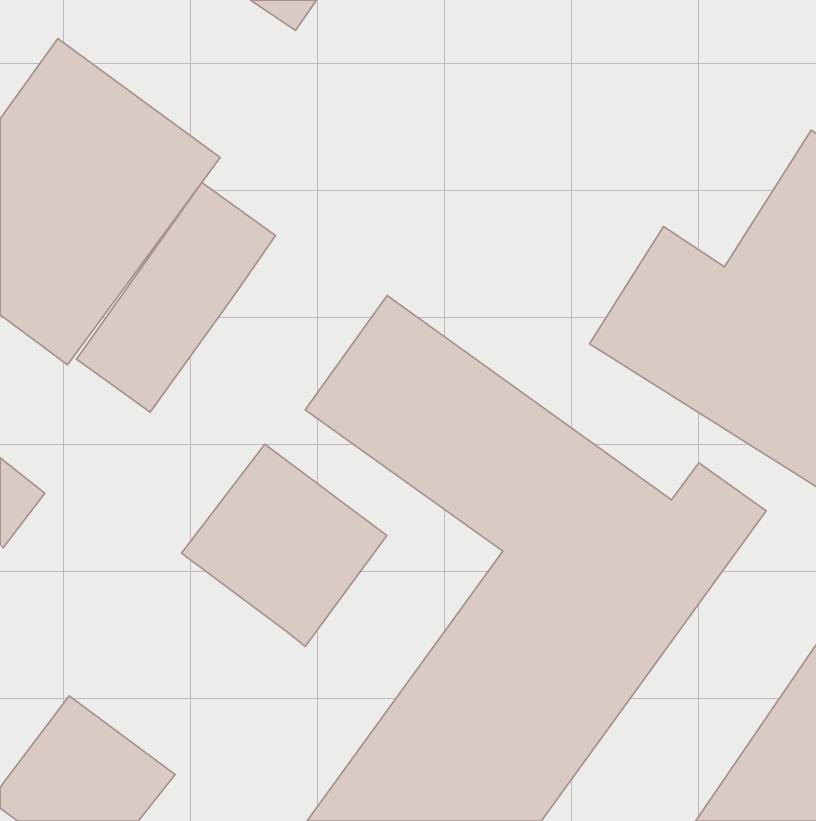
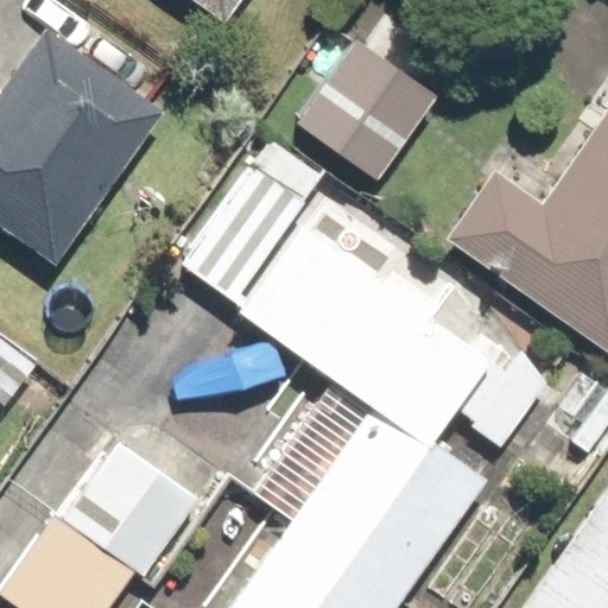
building: none -> [289,26,418,189]
building: [76,182,276,412] -> [175,133,322,303]
building: [181,444,387,646] -> [55,433,207,583]

